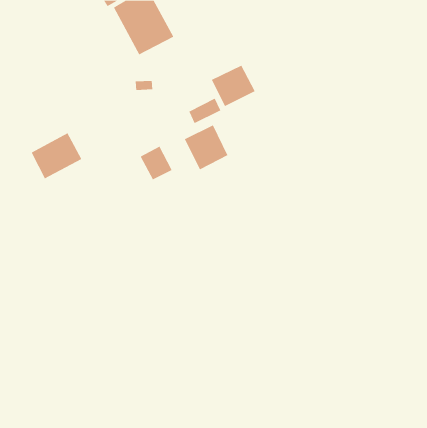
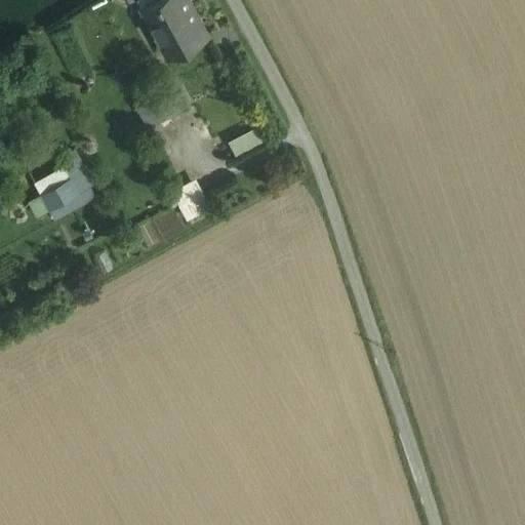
building: [211,65,255,107] -> none
building: [184,125,228,170] -> none

